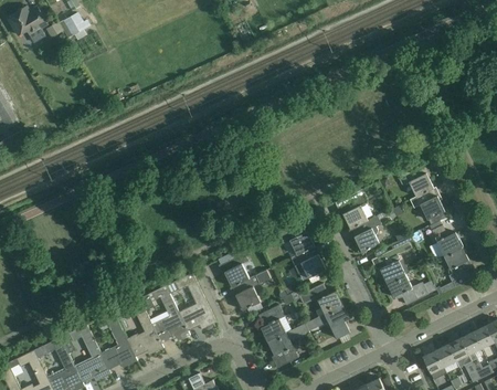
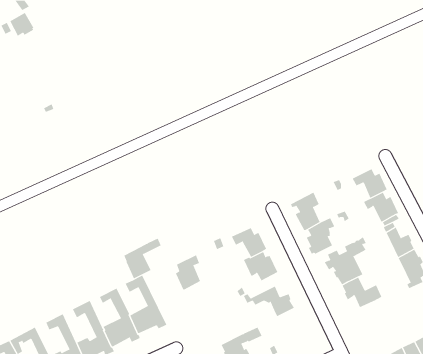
building: [232,270,269,310] -> [123,238,161,279]
building: [260,305,290,341] -> none
building: [324,305,350,338] -> none

